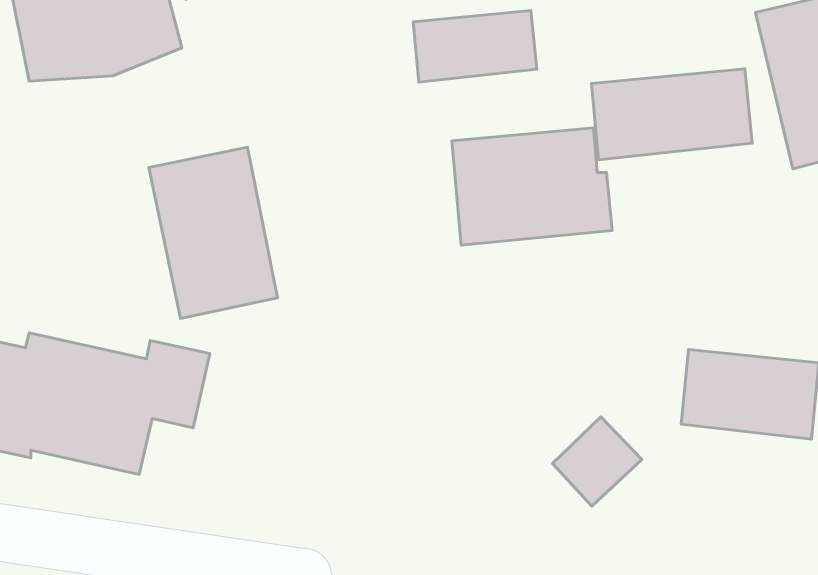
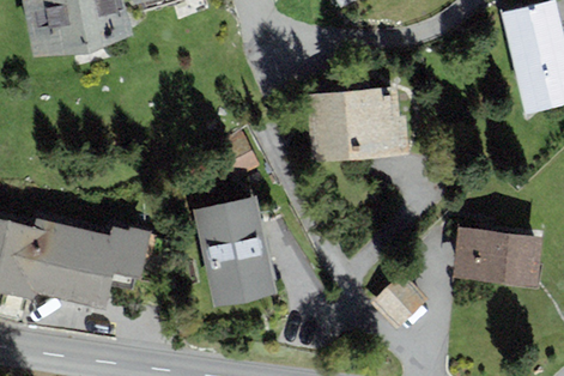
building: [413,10,537,82] -> none
building: [591,69,752,160] -> none
building: [149,147,277,318] -> [194,196,277,307]

